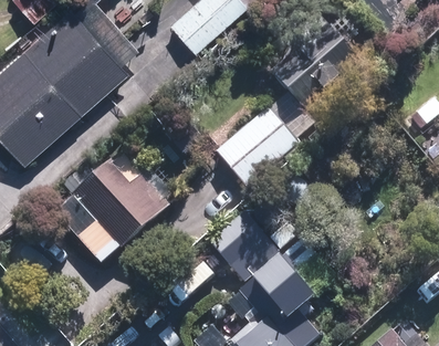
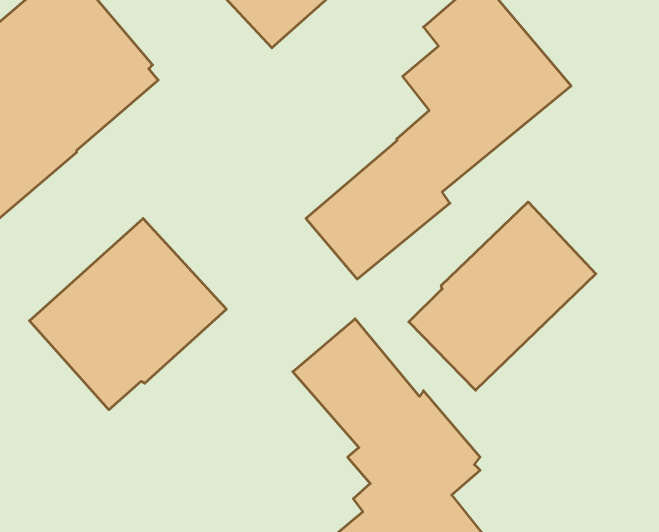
building: none -> [409,202,596,390]

